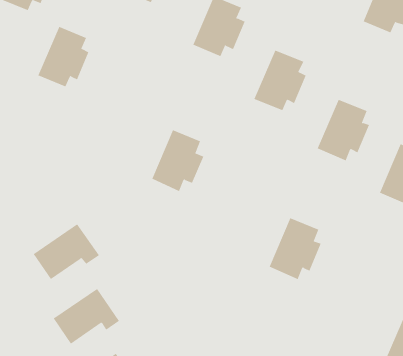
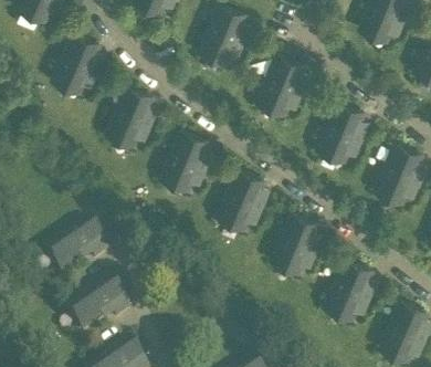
building: none -> [109,85,159,144]
building: none -> [220,168,270,227]
building: none -> [328,259,377,316]

